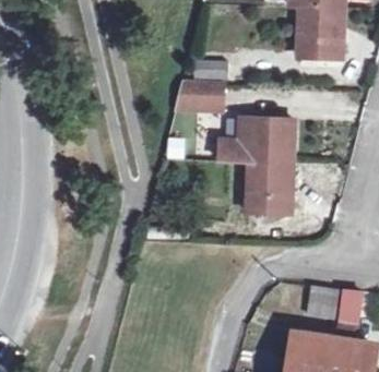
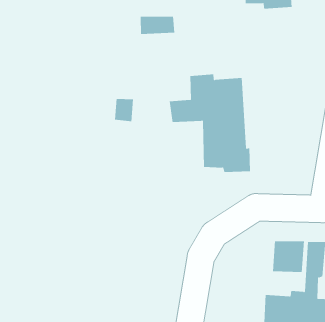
building: [177,79,226,107] -> none

